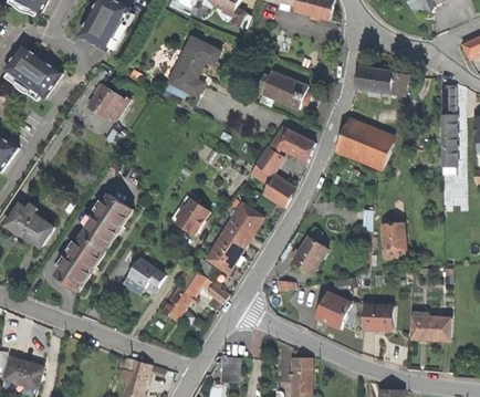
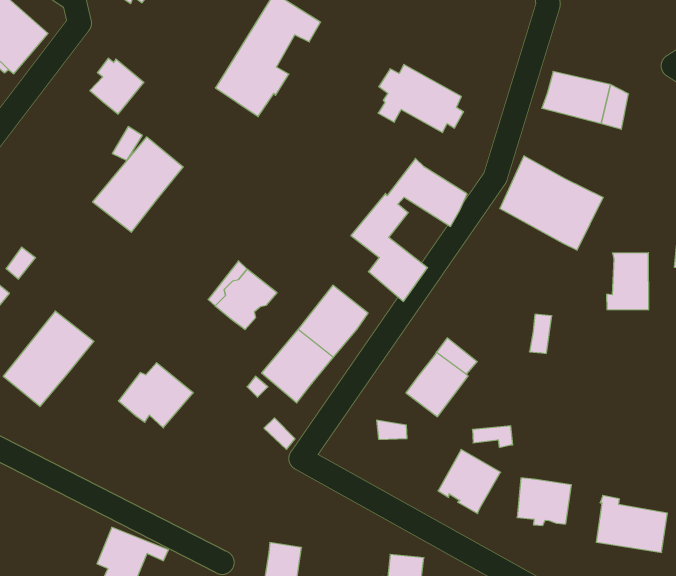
building: [82,194,133,250] -> [93,137,183,232]
building: [380,222,406,258] -> [607,253,649,310]
building: [161,264,212,320] -> none

